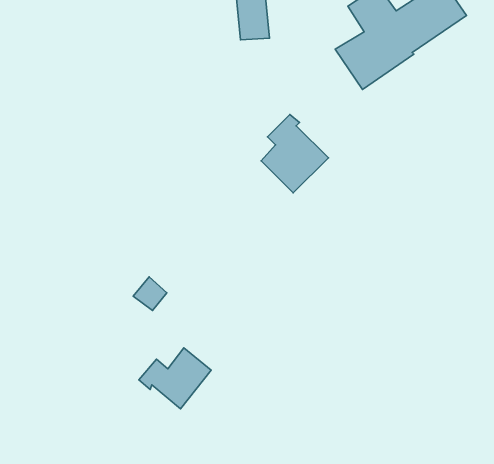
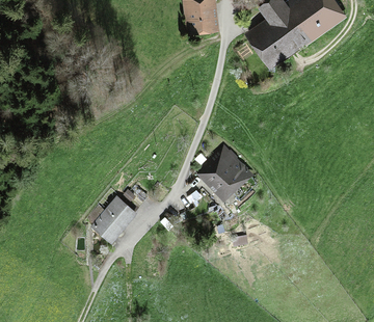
building: [261,114,328,193] -> [205,145,248,196]
building: [139,348,211,409] -> [87,198,134,238]

